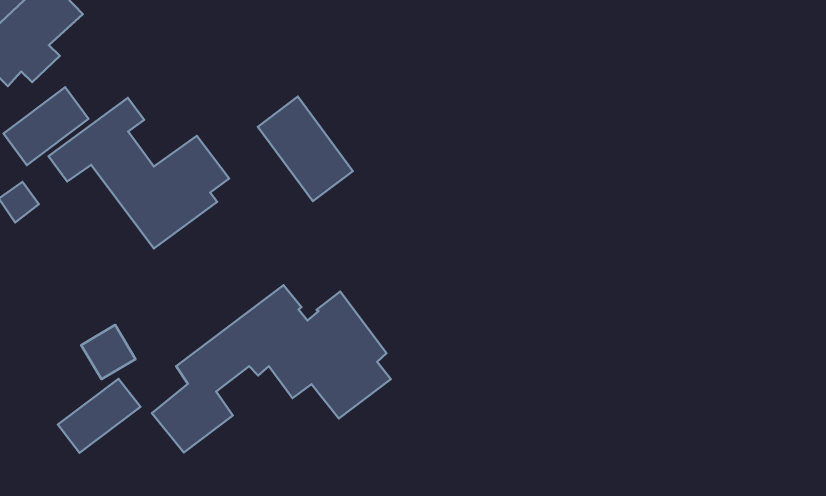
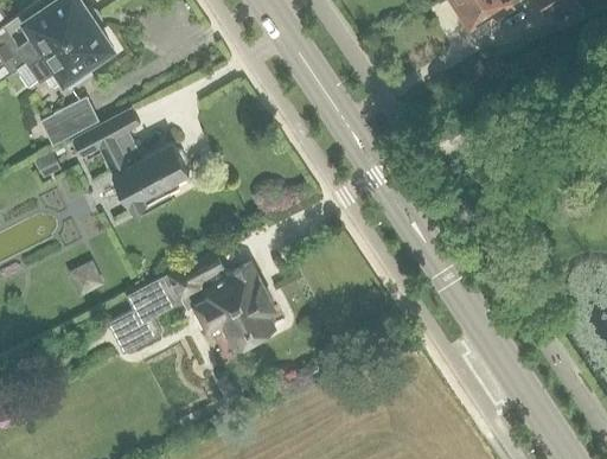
building: [258,97,353,201] -> none
building: [58,379,140,453] -> none

